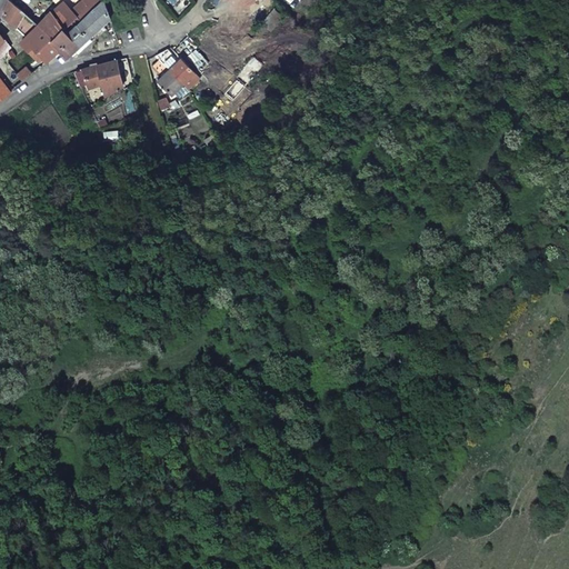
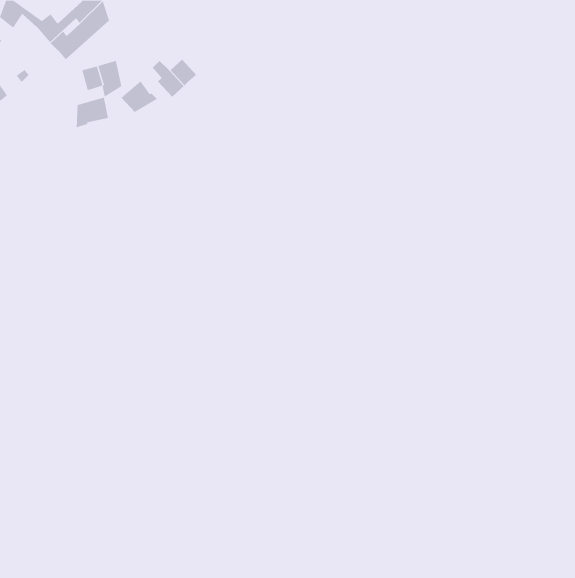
building: [18,28,57,62] -> none
building: none -> [121,81,158,113]
building: none -> [76,97,109,128]

